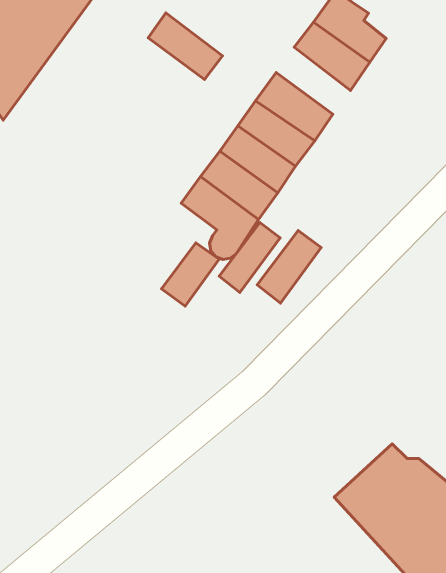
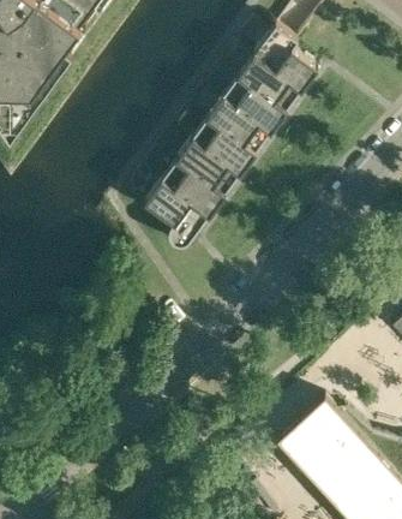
building: [148,13,222,80] -> [226,74,286,129]
building: [219,223,280,293] -> none
building: [257,230,321,303] -> none
building: [162,243,219,306] -> none

